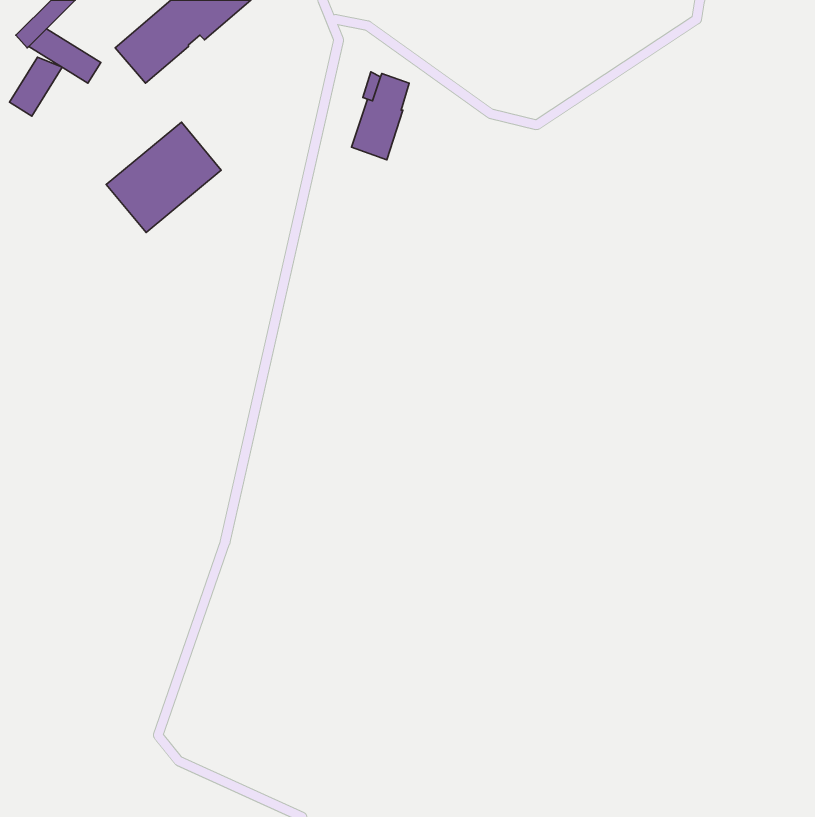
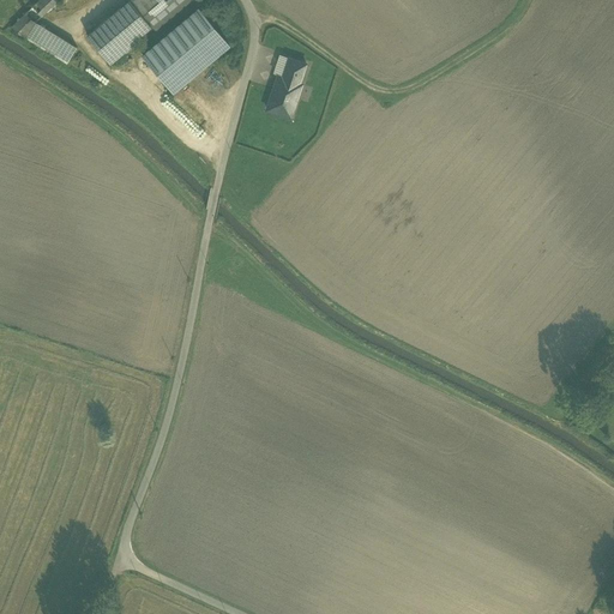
building: [9,57,62,116] -> none
building: [106,122,221,233] -> [142,8,228,91]

